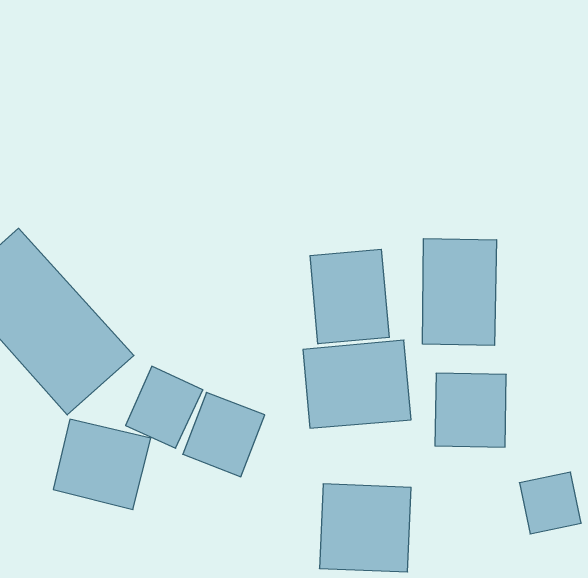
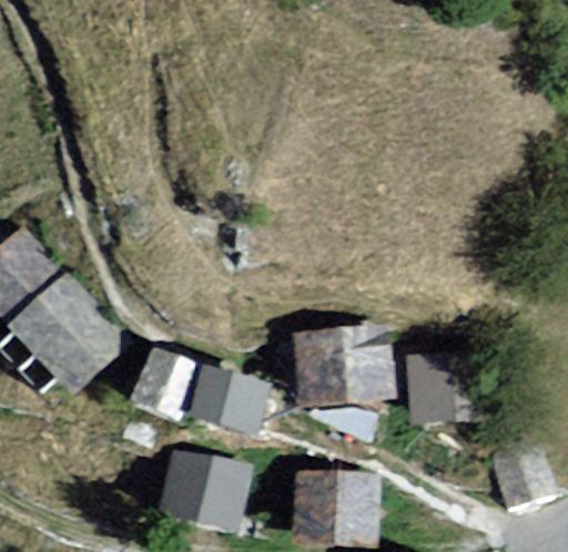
building: [423,239,497,345] -> none
building: [310,249,389,344] -> none
building: [53,419,151,510] -> [154,451,245,535]

